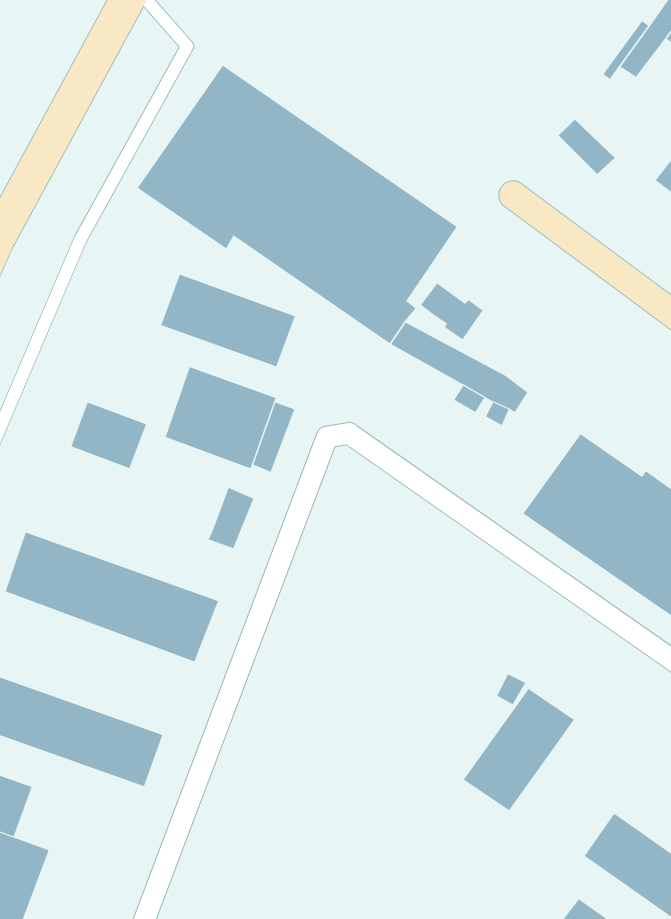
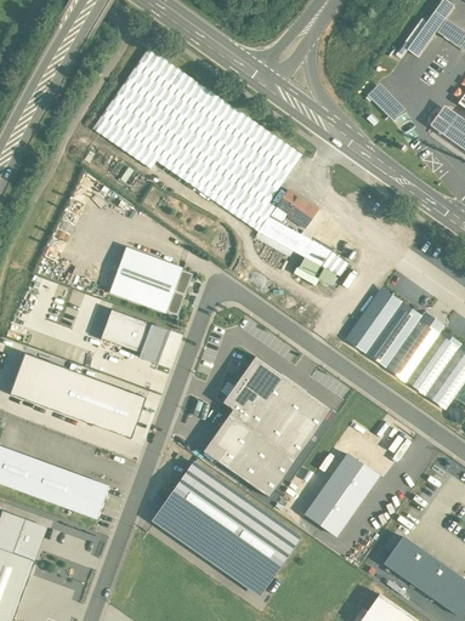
building: [161,274,295,367] -> none
building: [70,402,147,469] -> [102,309,152,353]
building: none -> [203,355,330,497]
building: none -> [152,461,301,596]
building: none -> [12,519,47,560]

